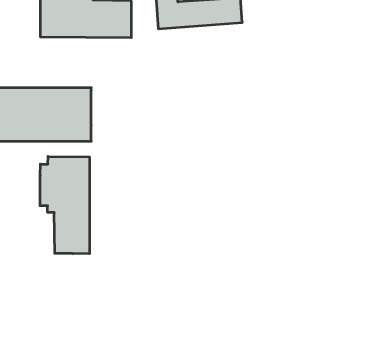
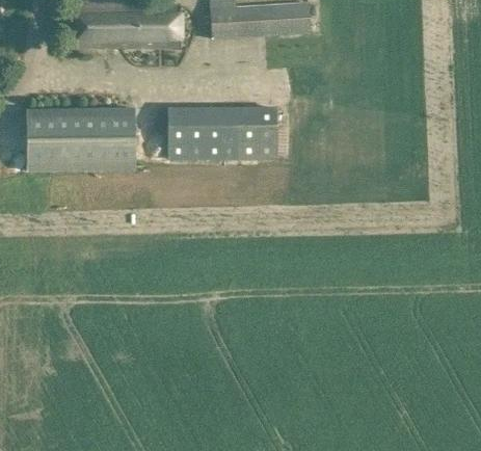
building: none -> [168,108,277,159]
building: [40,156,89,254] -> none

